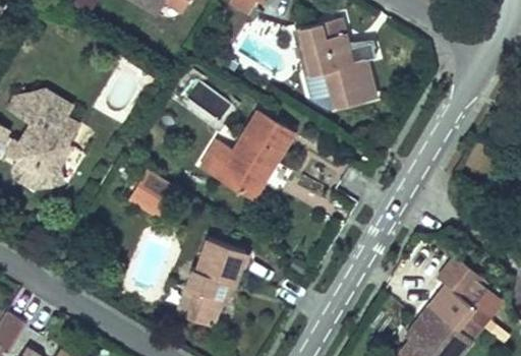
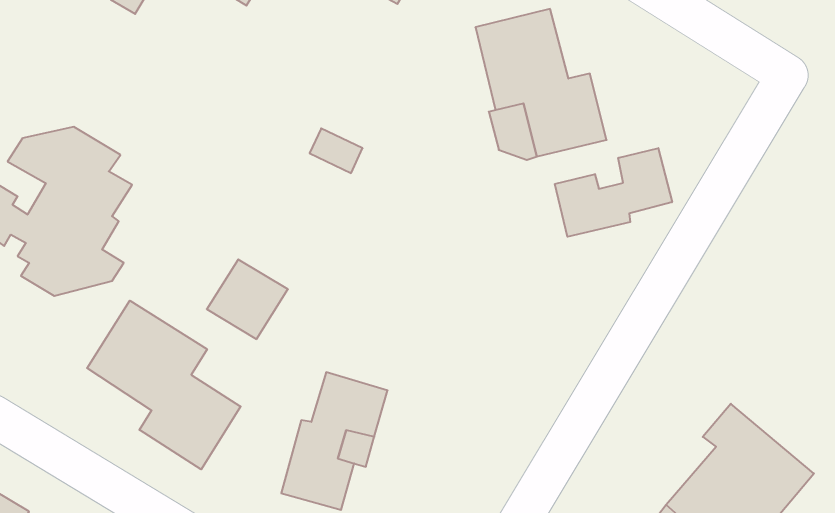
building: none -> [555,148,672,237]
building: [200,113,292,198] -> none
building: none -> [87,301,241,469]

